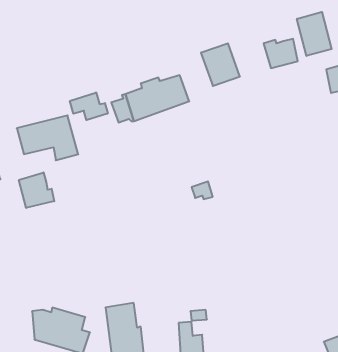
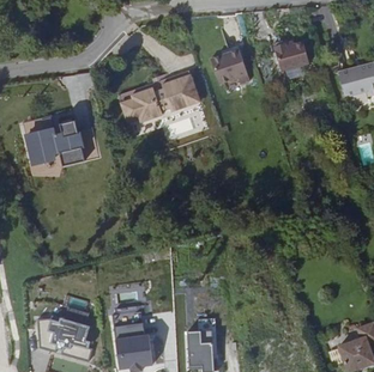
building: [297,12,332,56] -> none
building: [70,92,108,120] -> none
building: [19,172,54,208] -> none

